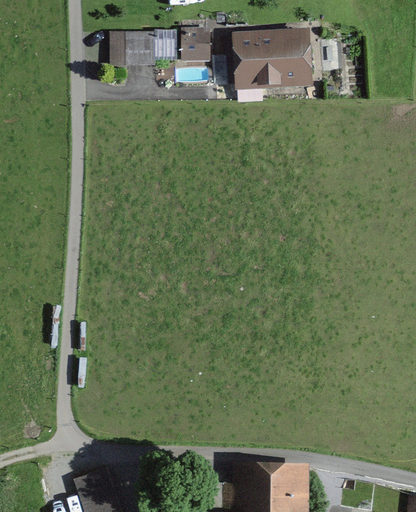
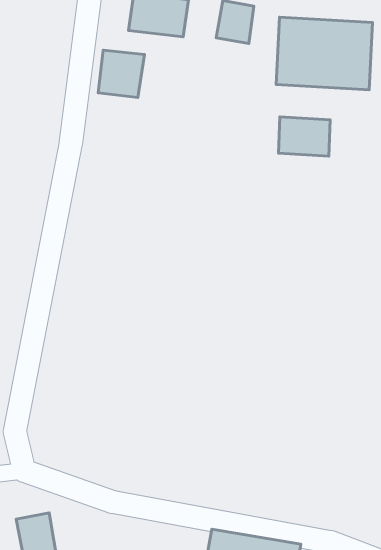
building: none -> [98,50,144,97]
building: none -> [279,117,330,156]

